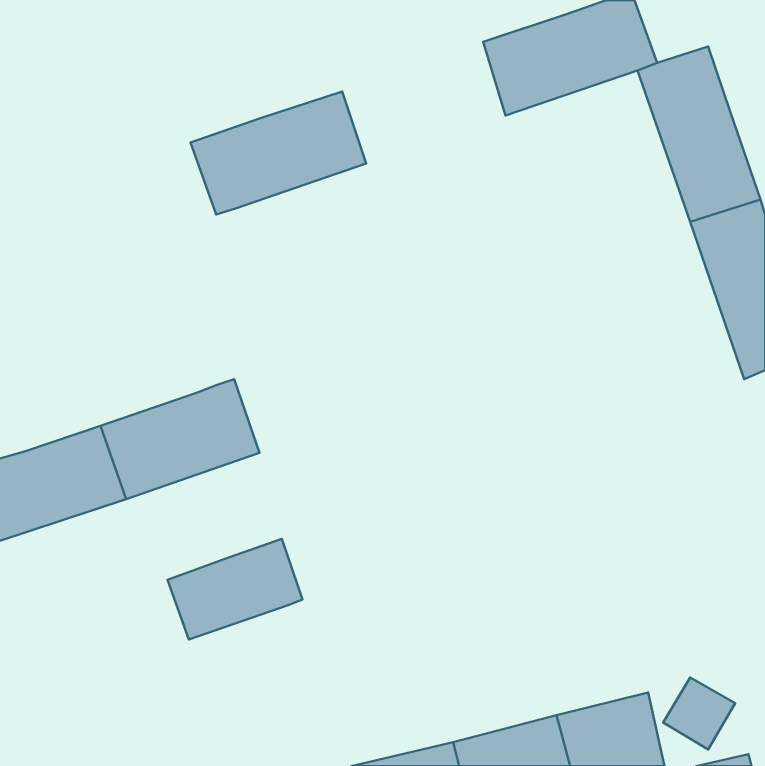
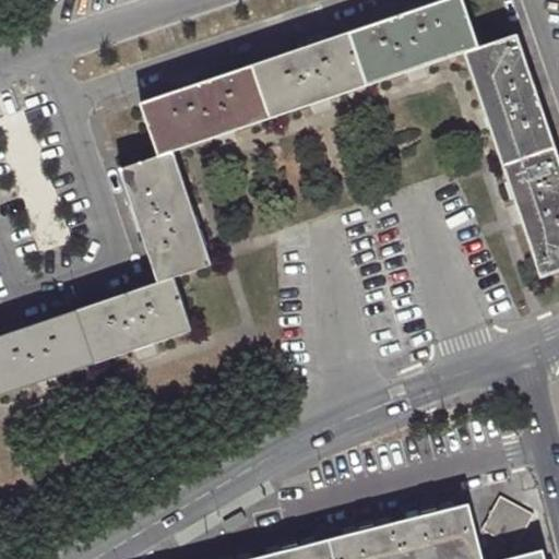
building: none -> [249,31,368,119]
building: none -> [119,152,210,281]
building: [167,539,303,640] -> none

